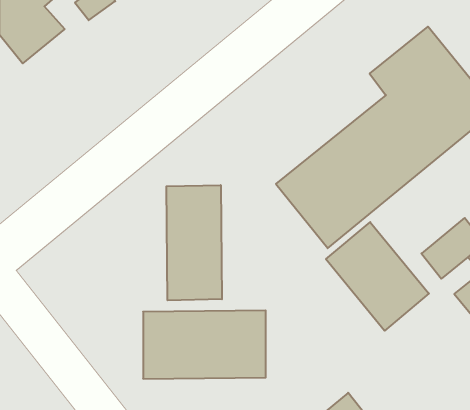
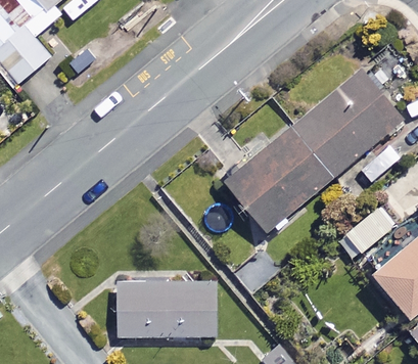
building: [166,185,222,300] -> none
building: [326,222,429,331] -> none

